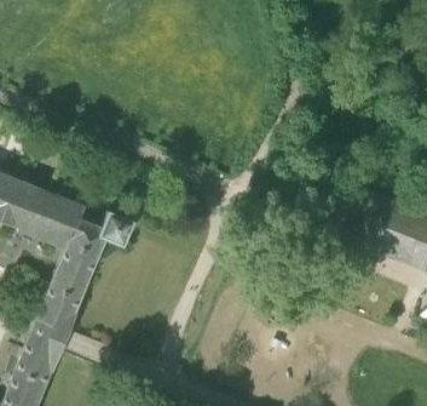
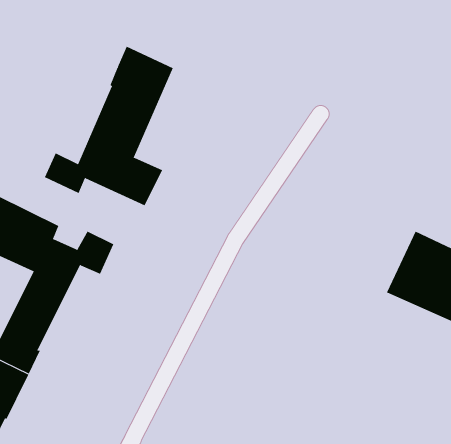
building: none -> [44,46,174,206]

